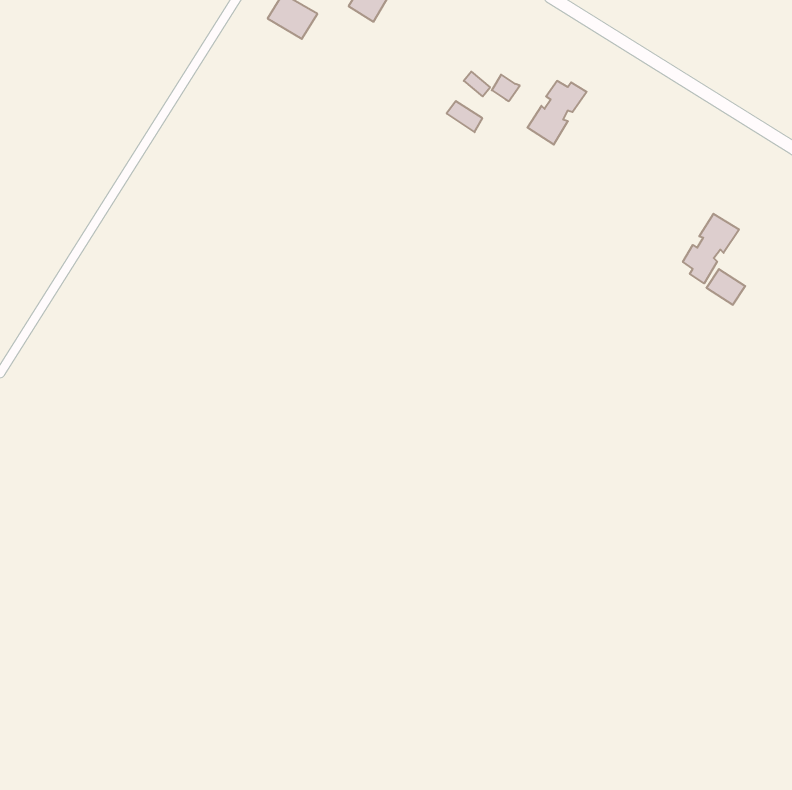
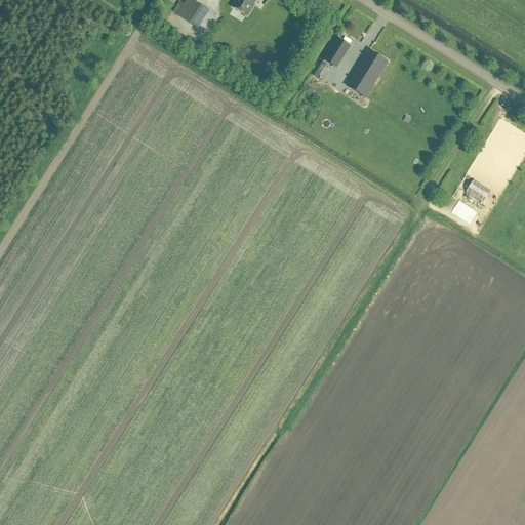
building: [683,214,739,283] -> none

